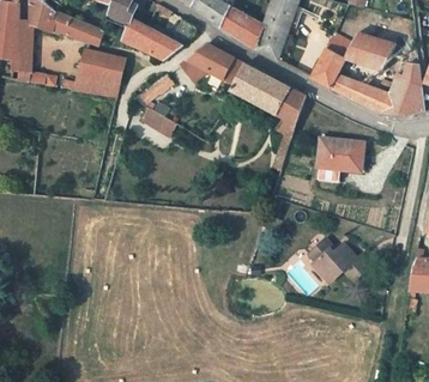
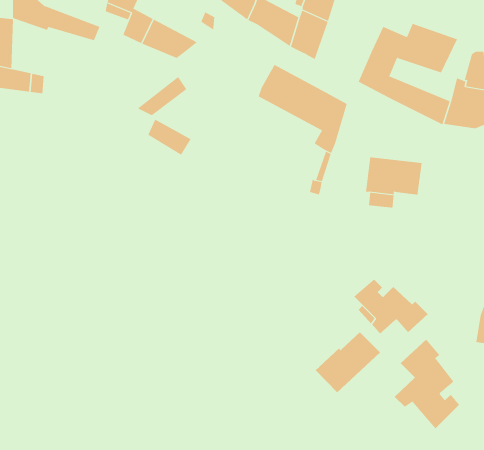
building: [183,44,244,83] -> none
building: [61,49,125,96] -> none
building: none -> [315,331,381,393]
building: none -> [394,339,460,429]

